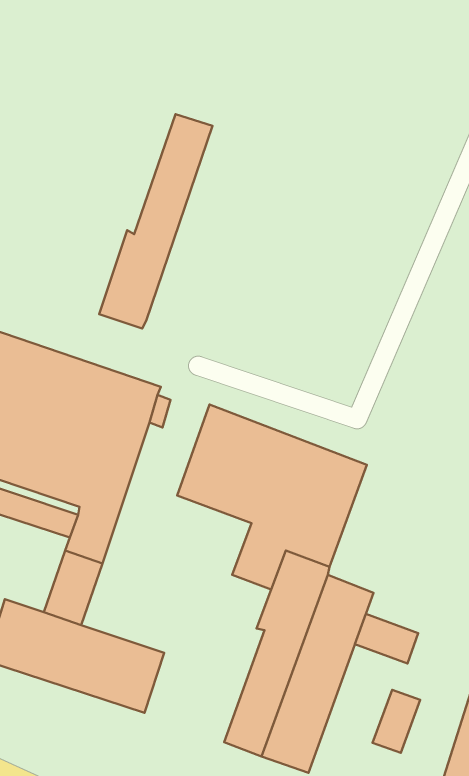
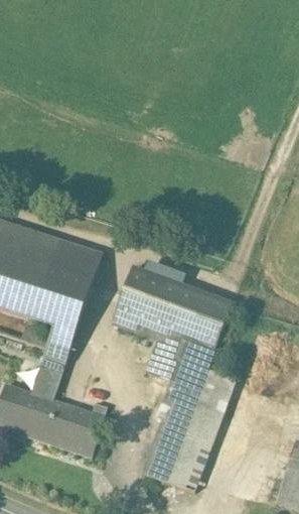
building: [99,114,212,329] -> none
building: [355,614,418,663] -> none
building: [373,690,420,753] -> none

